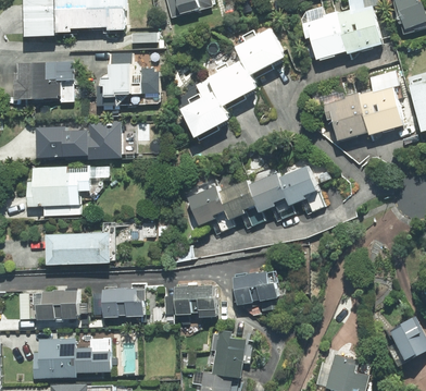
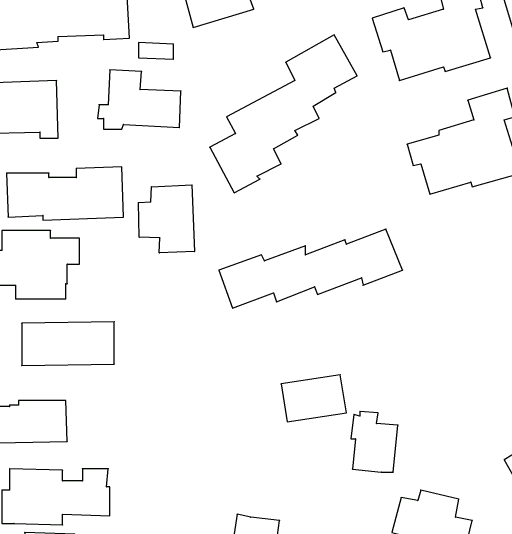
building: none -> [138,185,194,253]
building: [176,283,218,316] -> none
building: [102,288,146,317] -> none
building: [210,331,243,375] -> [351,411,398,472]

